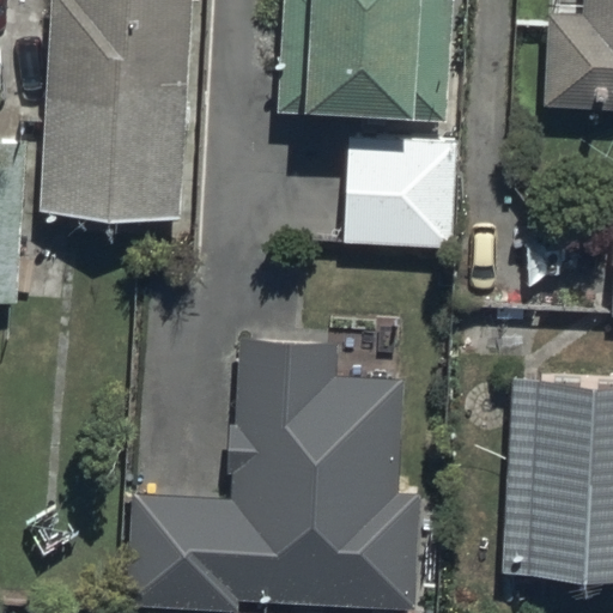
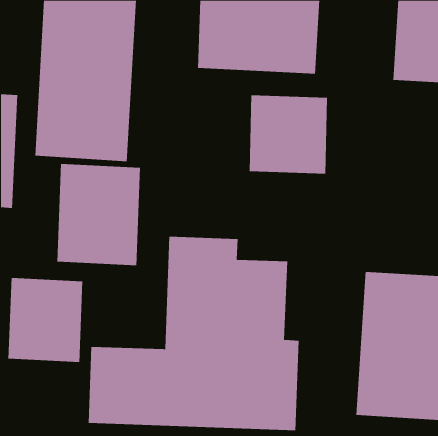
building: none -> [57,163,141,266]
building: none -> [8,277,83,363]

